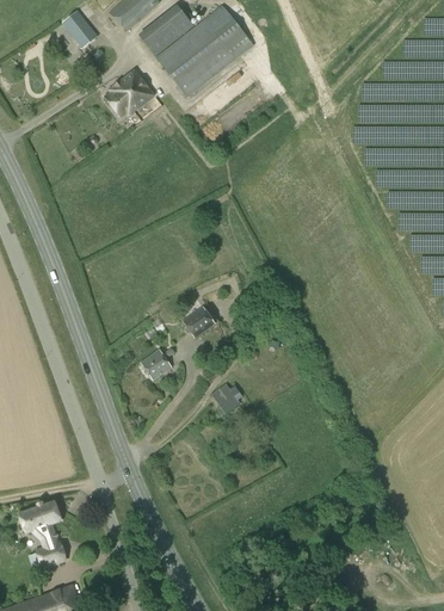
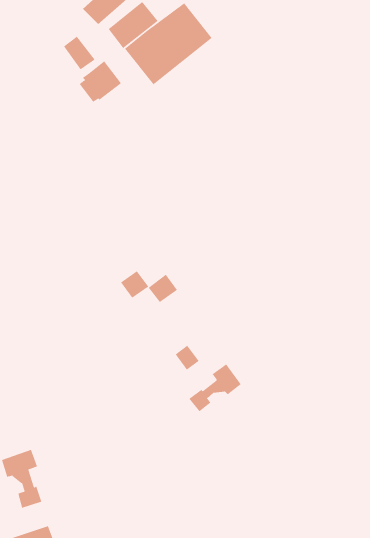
building: [63,10,99,48] -> [63,36,95,70]
building: [141,348,173,379] -> [120,270,149,298]
building: none -> [189,363,242,412]

